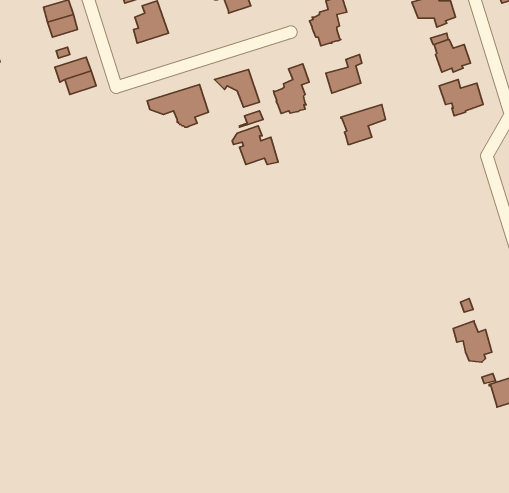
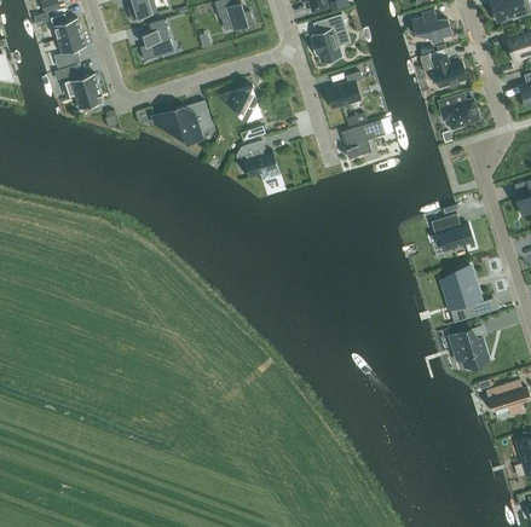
building: [273,64,309,114] -> none
building: none -> [431,214,473,251]
building: none -> [440,266,480,308]

